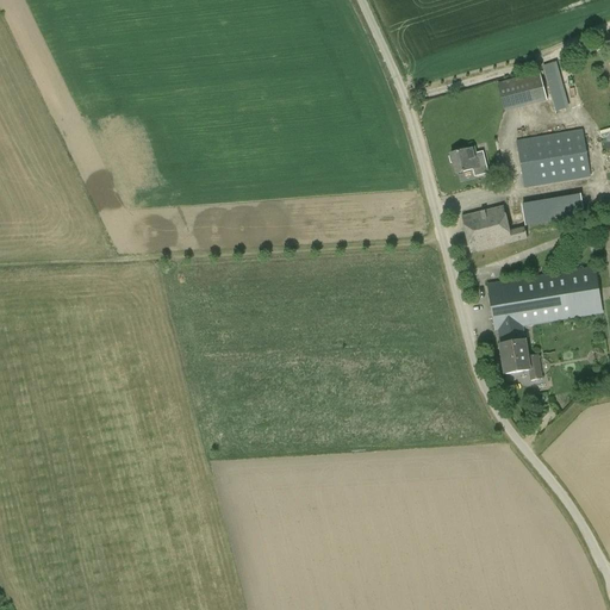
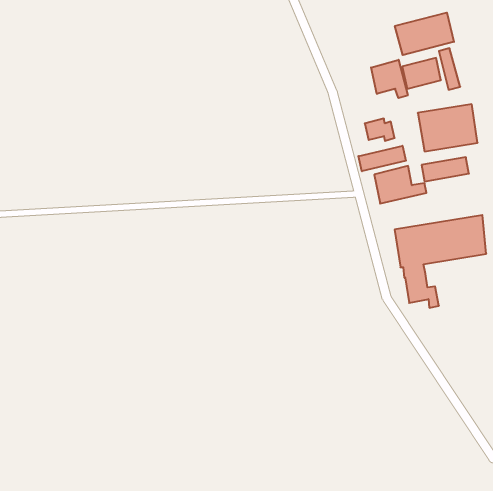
building: none -> [395,13,454,55]
building: none -> [371,60,408,98]
building: none -> [358,146,406,171]

